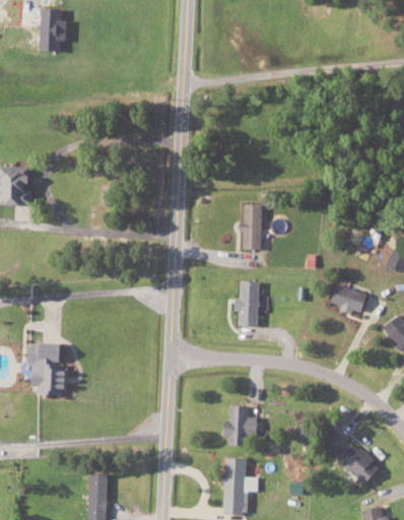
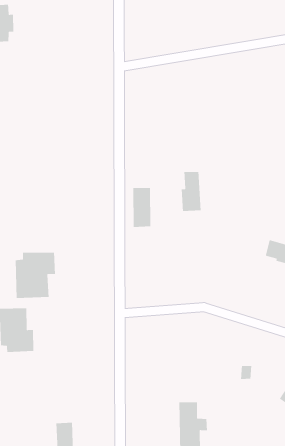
building: [238,281,260,326] -> [132,187,151,228]
building: none -> [15,252,56,299]
building: [221,405,258,446] -> none

